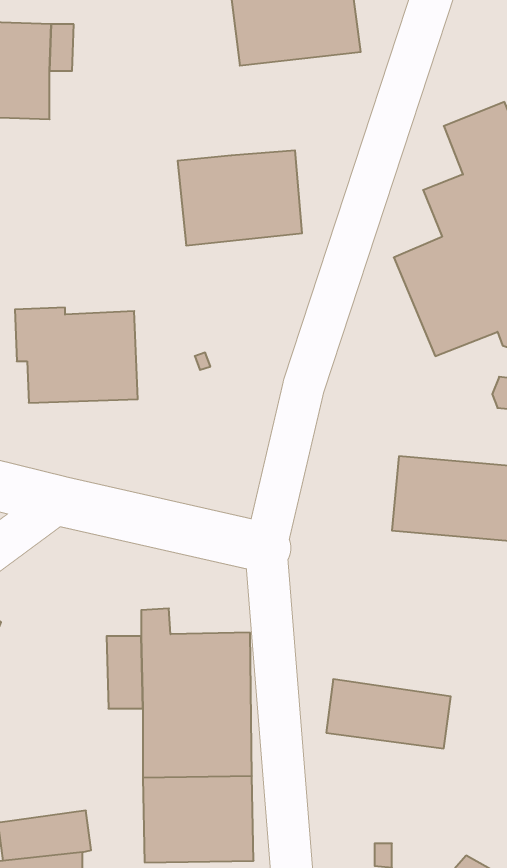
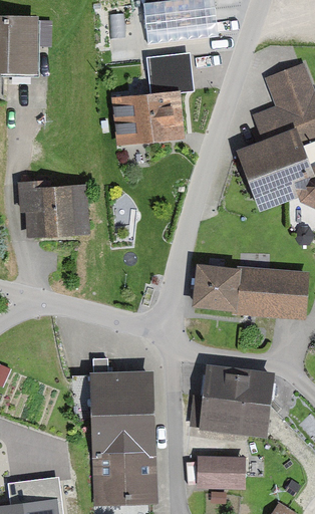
building: none -> [140,52,181,94]
building: none -> [193,265,241,312]
building: none -> [203,364,275,409]
building: none -> [199,456,247,486]

